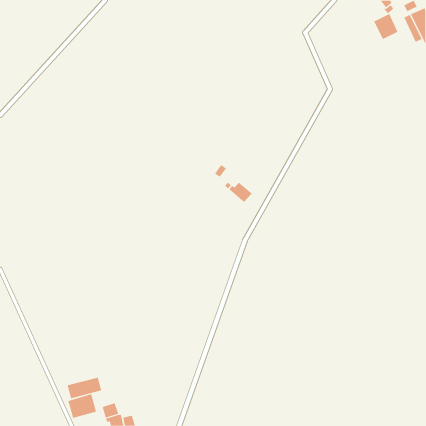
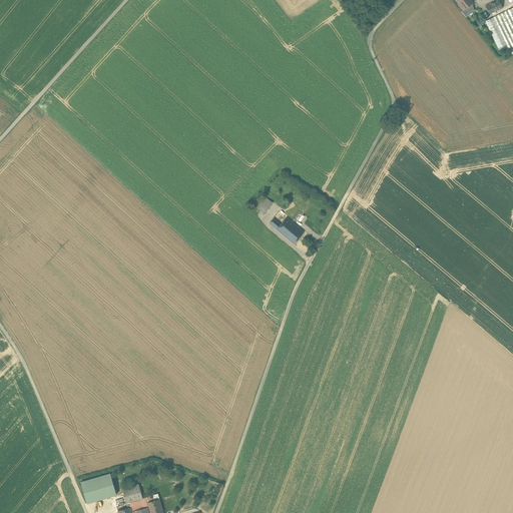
building: [373,13,398,40] -> none
building: [67,377,102,399] -> none

